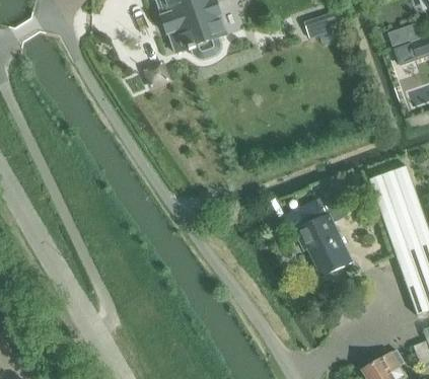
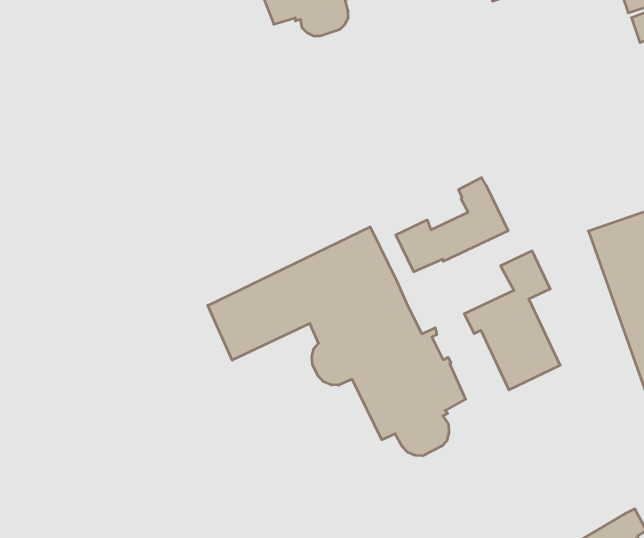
building: none -> [396,178,508,272]
building: none -> [208,227,466,456]

